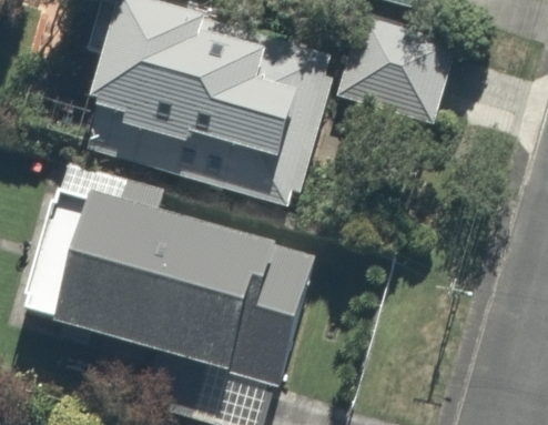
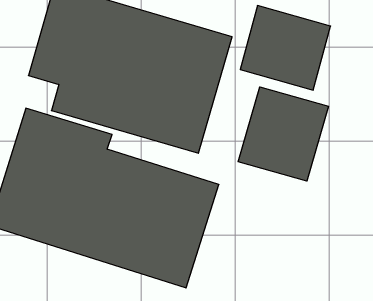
building: none -> [238,87,329,181]

